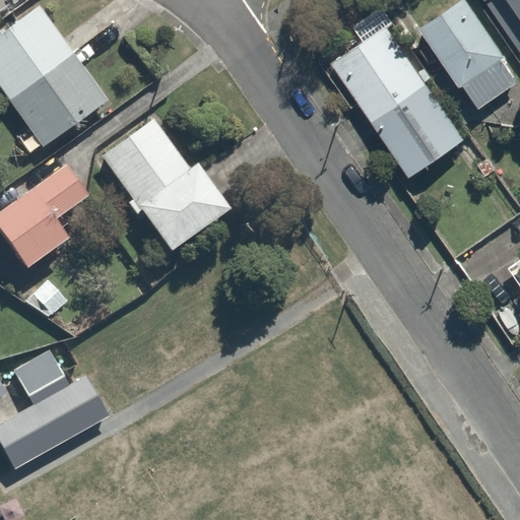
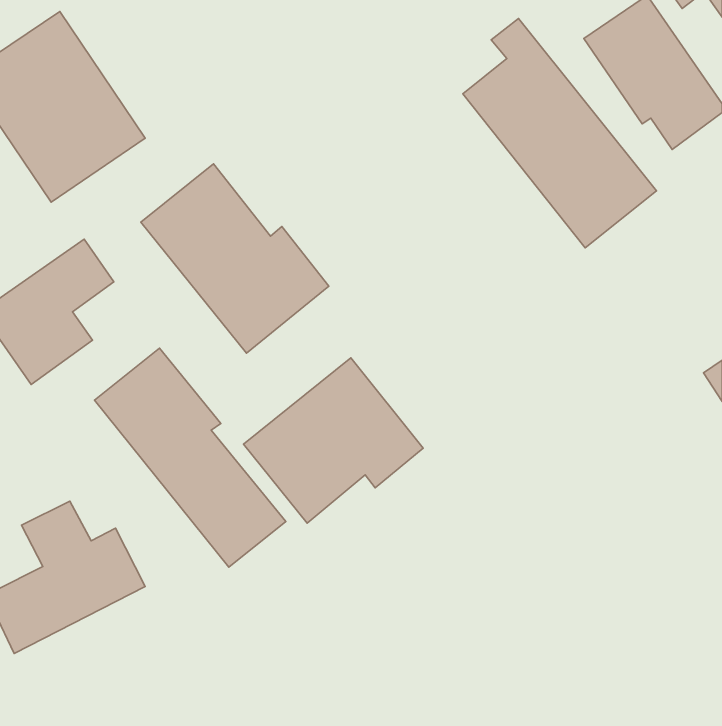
building: none -> [94,348,286,567]
building: none -> [244,358,423,523]

